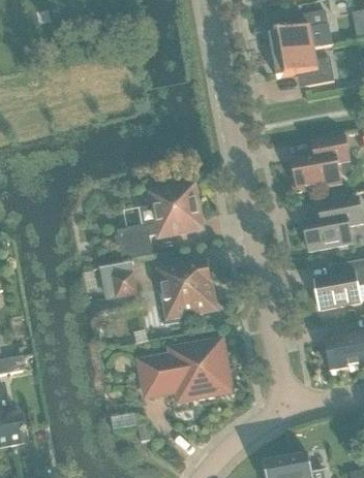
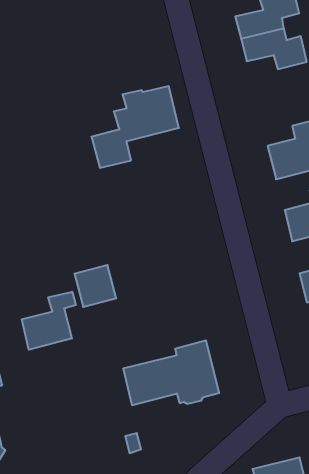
building: [117,185,201,258] -> [91,86,179,168]
building: [159,259,216,321] -> none
building: none -> [22,292,76,350]

